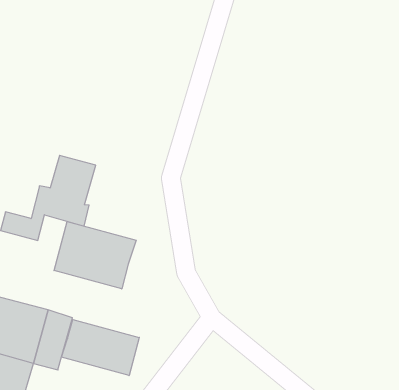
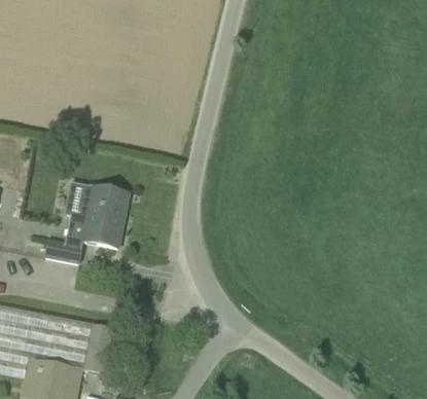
building: [54,221,136,289] -> none
building: [61,320,139,376] -> none

